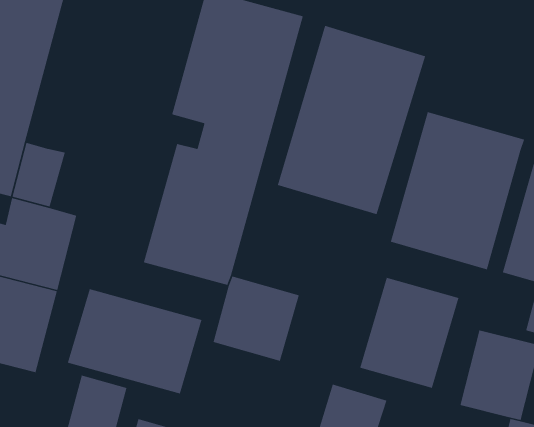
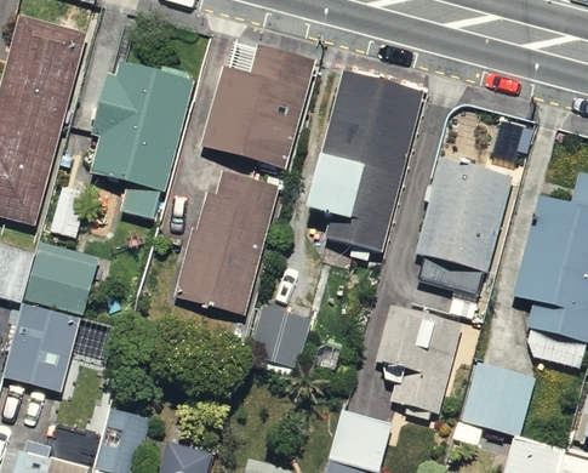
building: none -> [79,55,187,216]
building: [67,288,203,394] -> none

